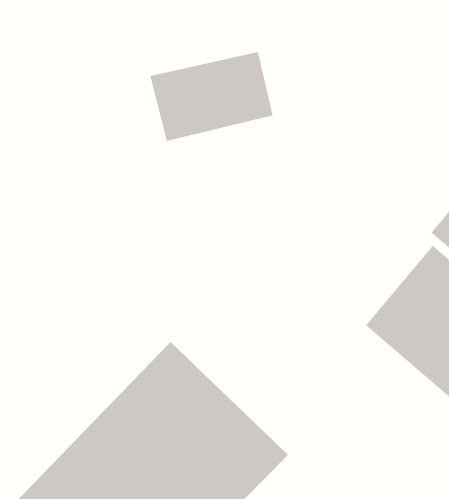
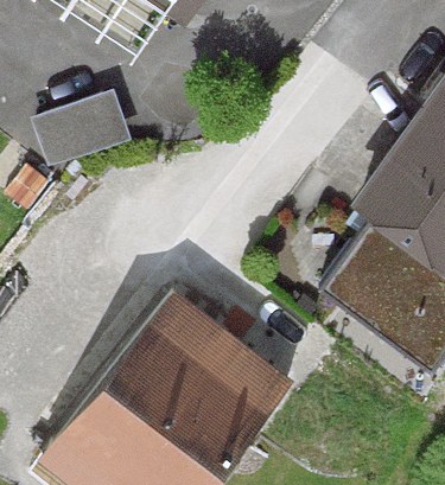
building: [150,51,274,141] -> [31,89,131,166]

